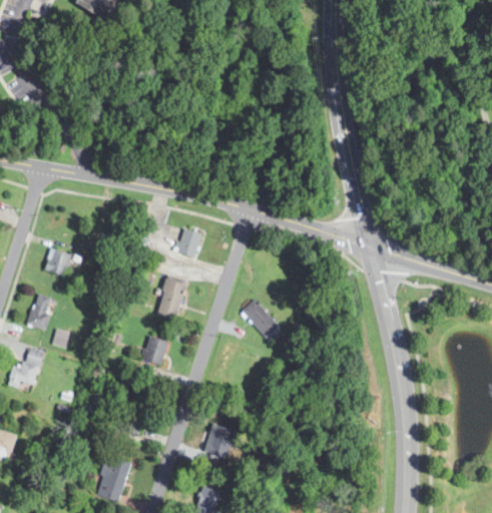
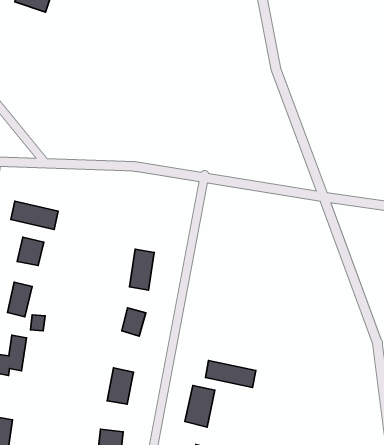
building: none -> [11,201,58,230]
building: [177,227,203,258] -> none
building: [242,299,280,338] -> none
building: none -> [205,360,256,387]

